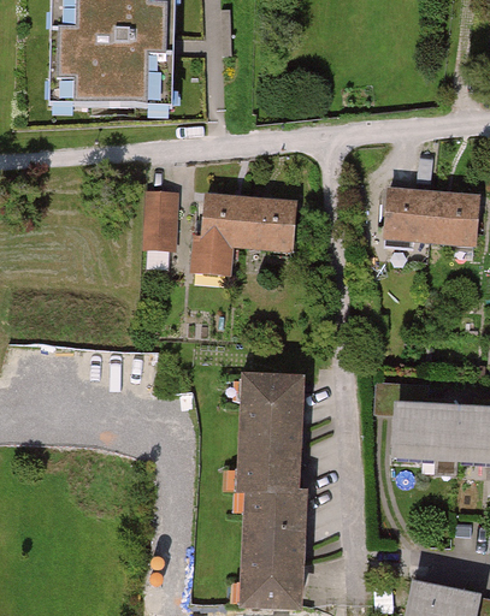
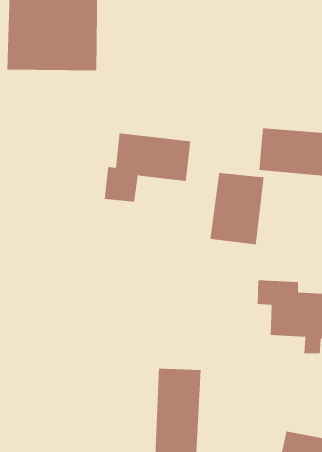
building: [141,189,175,254] -> none
building: none -> [210,172,264,245]
building: [242,381,303,498] -> none

